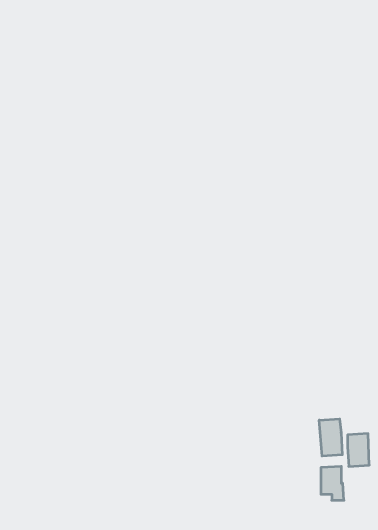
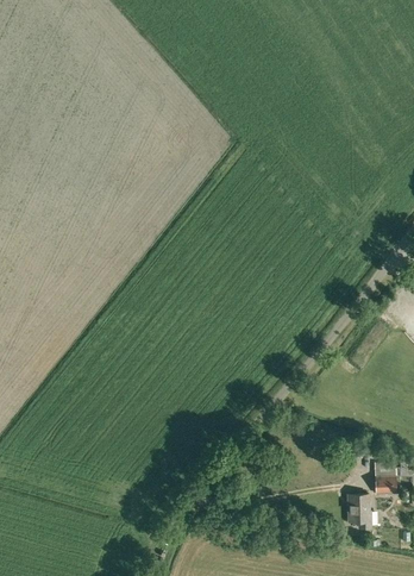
building: [319,419,342,456] -> none

